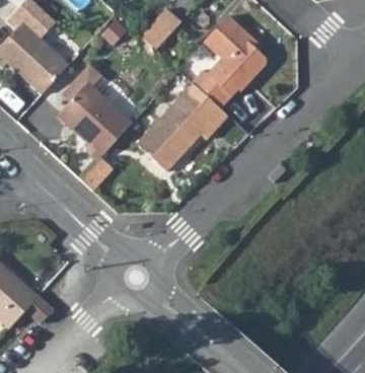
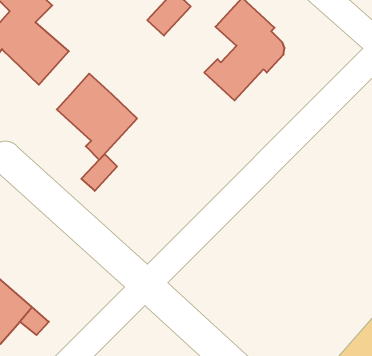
building: [64,65,121,102] -> none
building: [138,100,213,172] -> none

